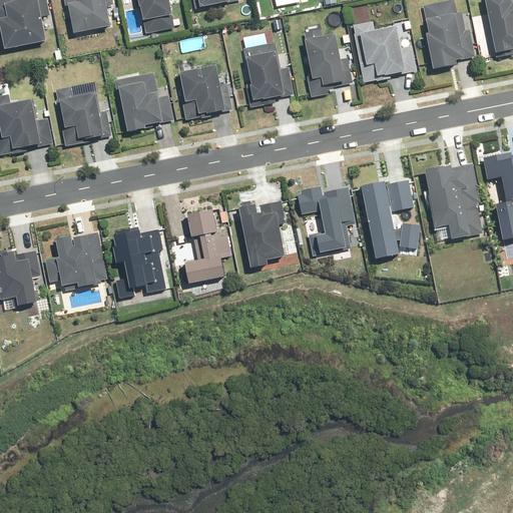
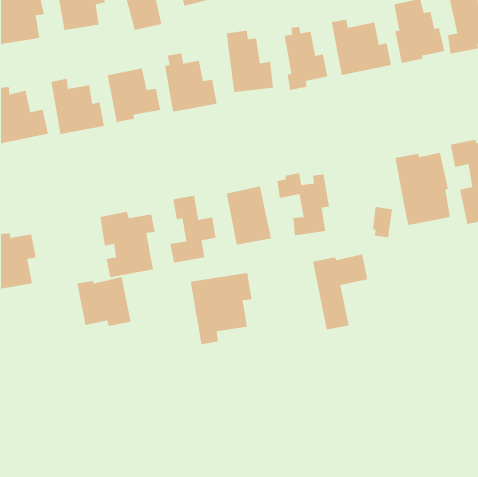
building: [359,177,419,260] -> [312,254,368,330]
building: [49,230,108,285] -> [76,276,132,327]
building: none -> [190,272,252,345]

